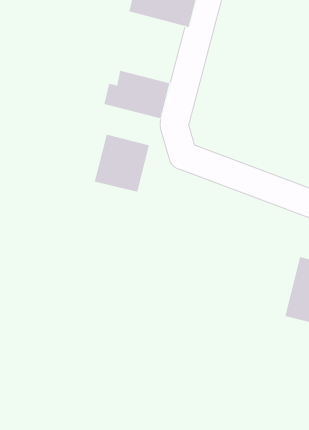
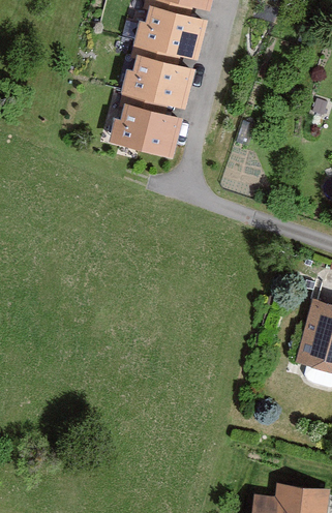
building: none -> [122,54,194,107]
building: [94,134,150,193] -> none

